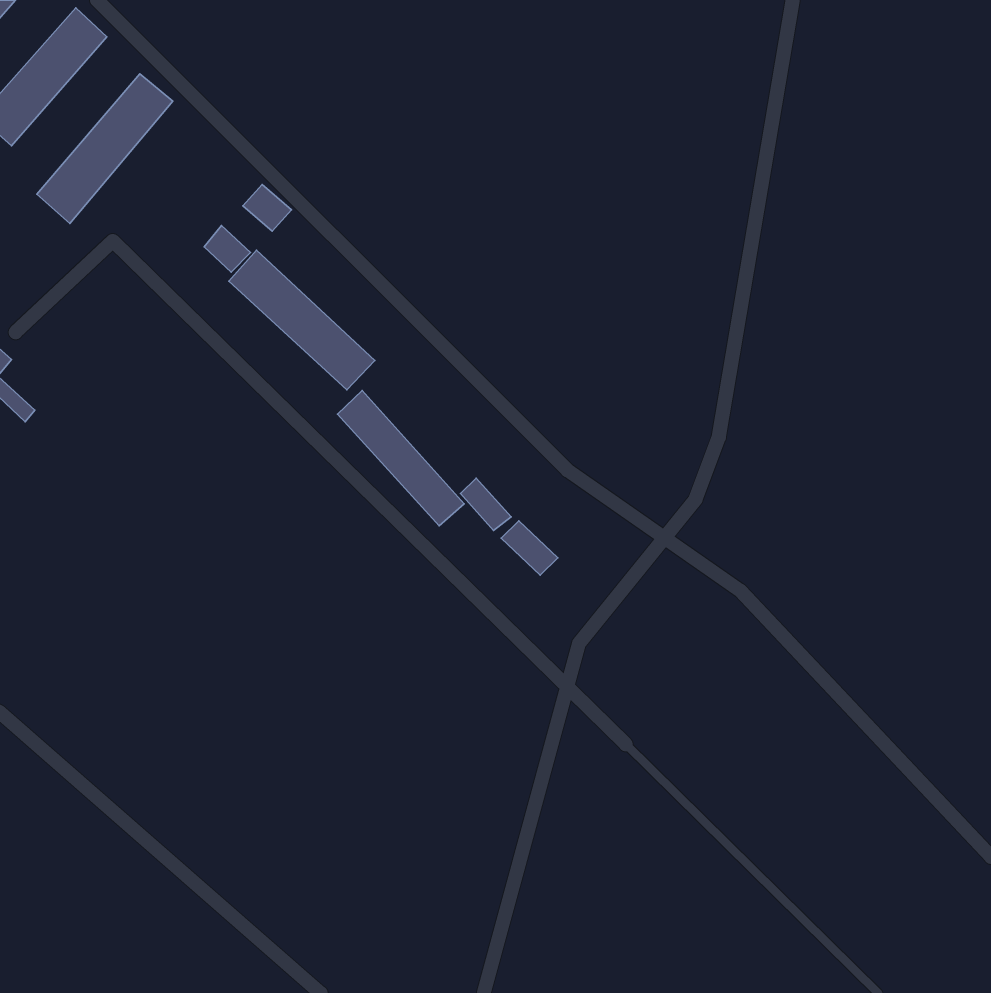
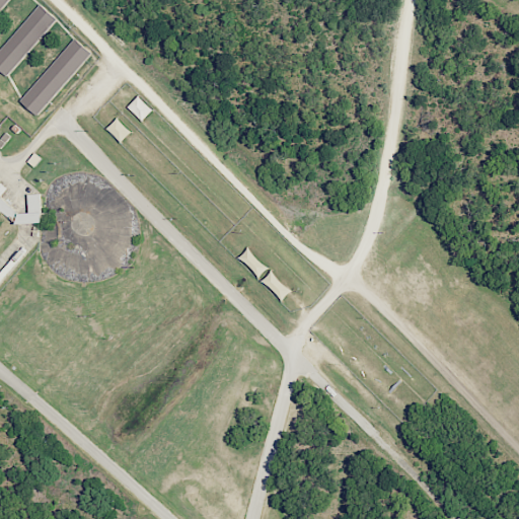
building: [229,250,375,390] -> none
building: [337,391,464,526] -> none

